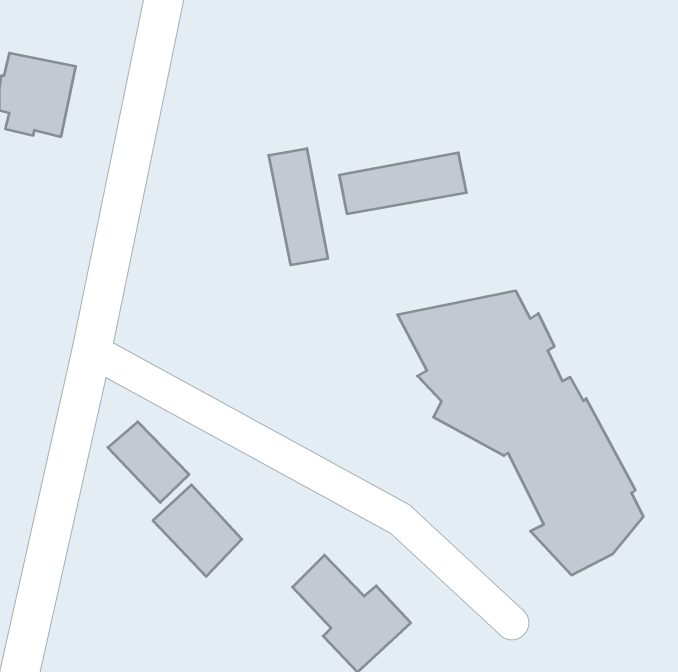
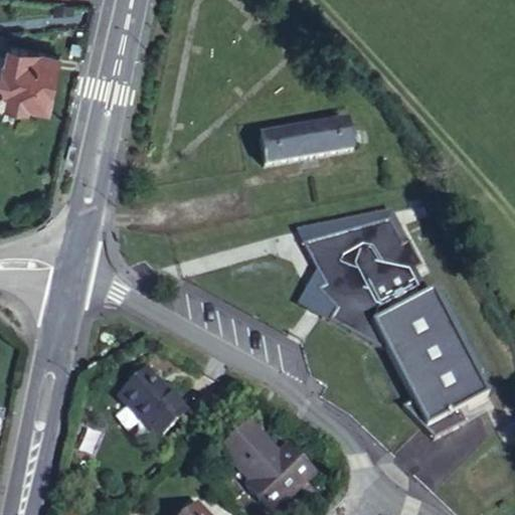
building: [269,148,328,265] -> none
building: [108,422,189,503] -> none

